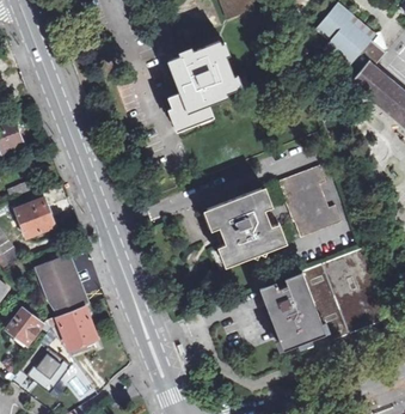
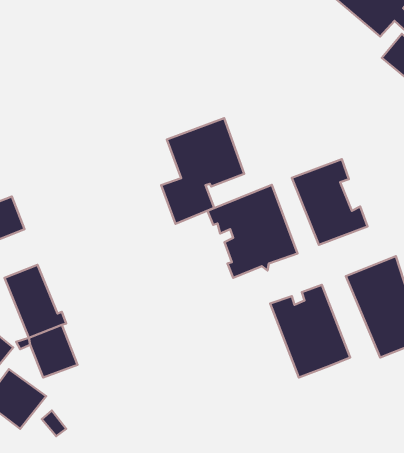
building: [167,43,237,132] -> [161,118,244,224]
building: [302,264,351,348] -> none

